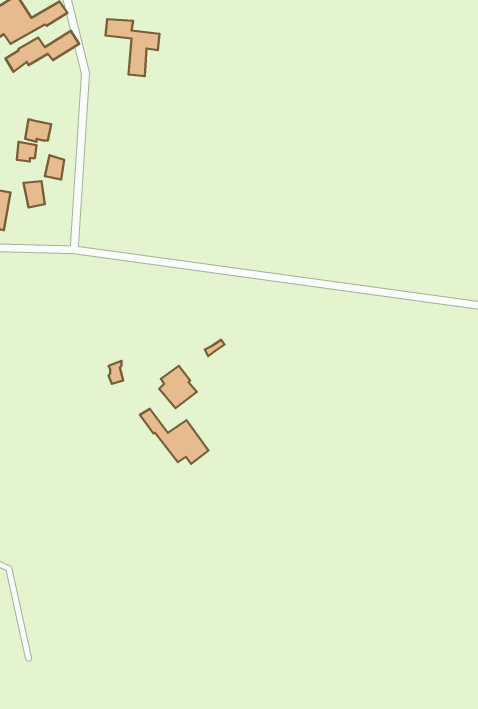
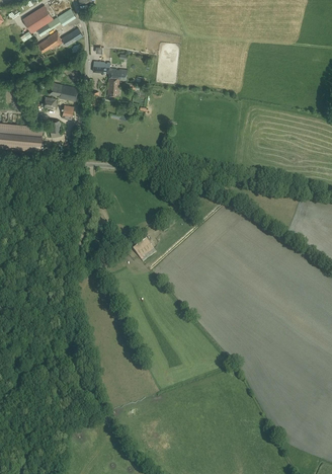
building: [105,19,159,76] -> [92,61,126,96]
building: [140,409,208,464] -> none

